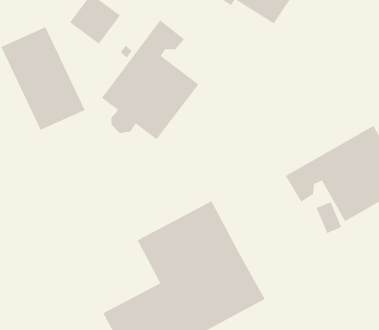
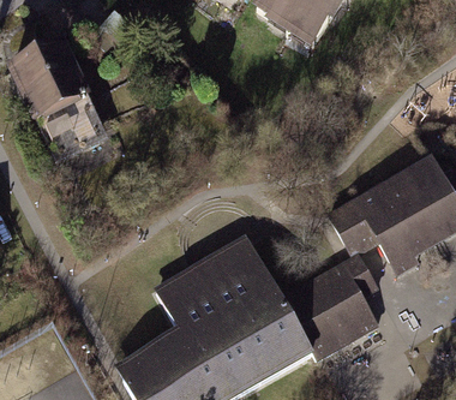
building: [101,20,199,140] -> none
building: none -> [280,256,377,359]

